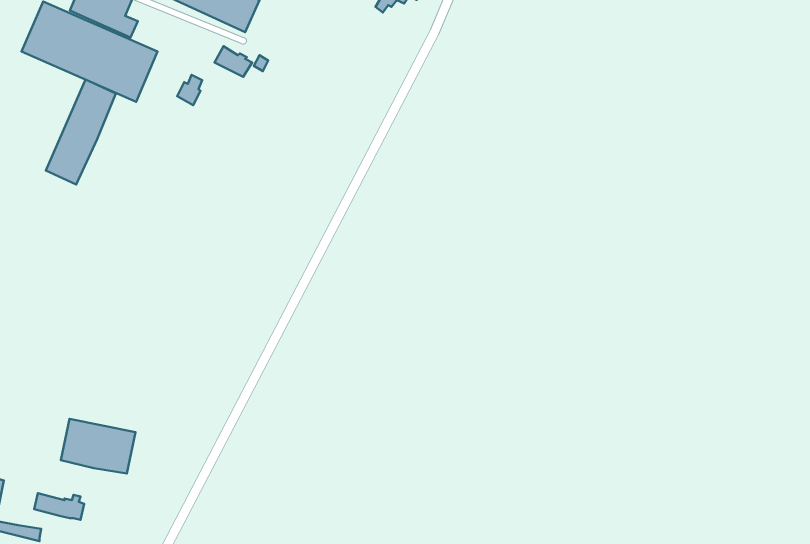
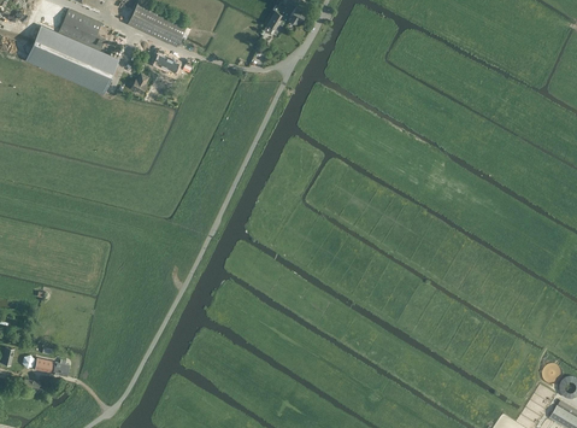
building: [46,80,116,185] -> none
building: [61,419,136,473] -> none

